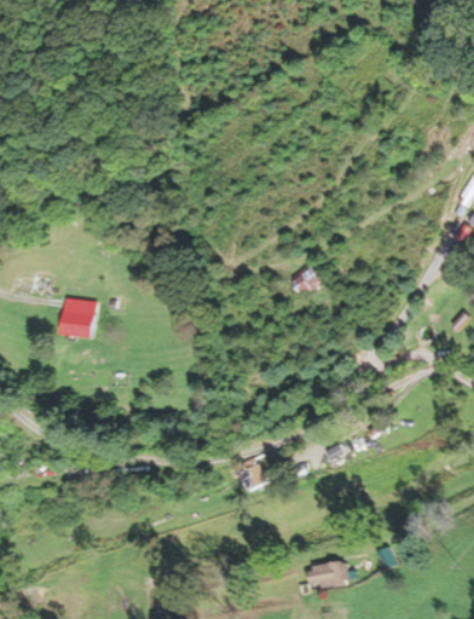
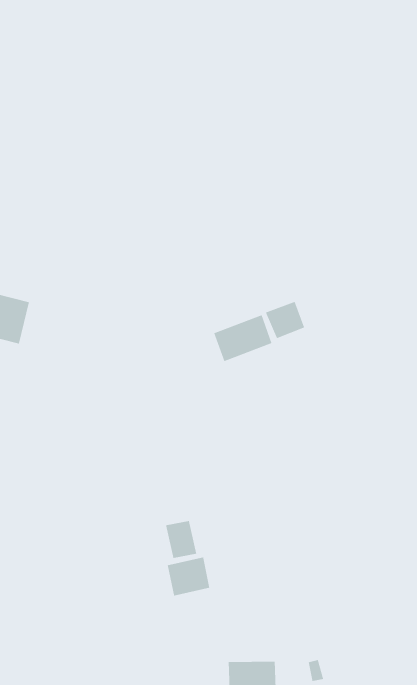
building: none -> [213,314,272,362]
building: none -> [167,557,210,597]

